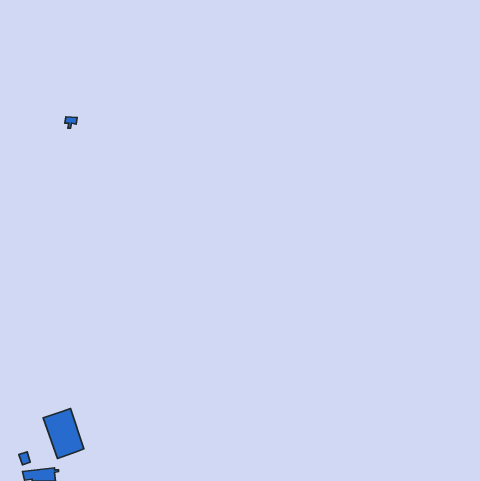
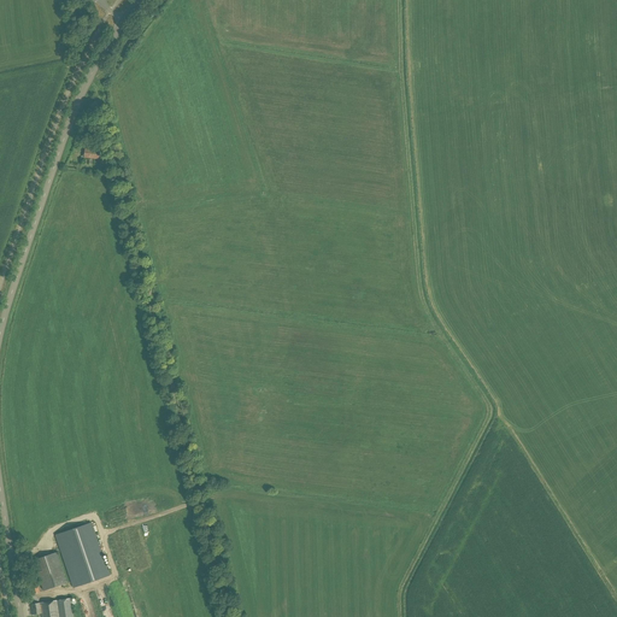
building: none -> [31,552,65,590]

